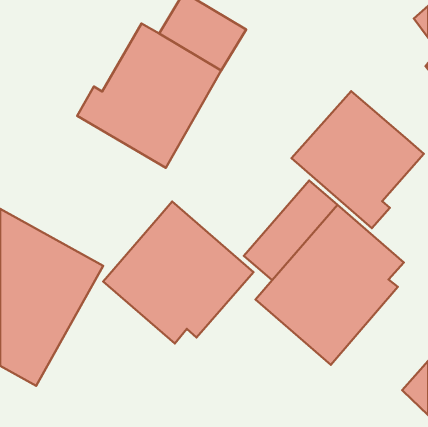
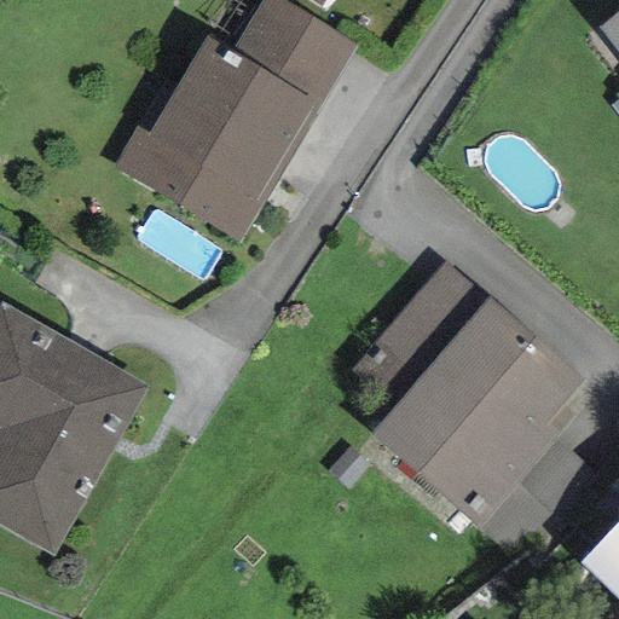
building: [291,91,424,228] -> none
building: [103,202,253,344] -> none

